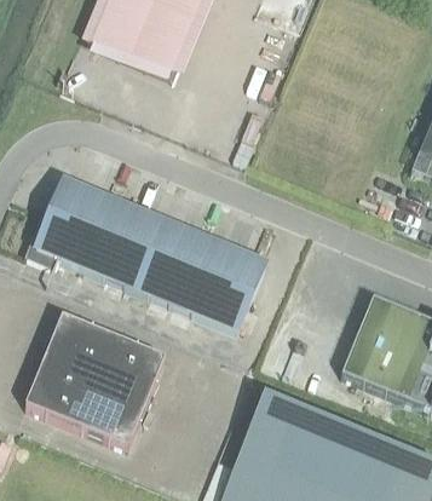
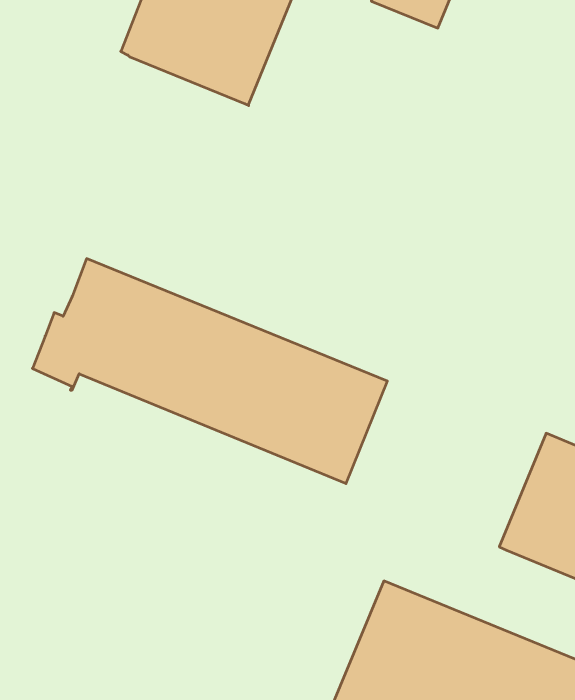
building: [25,313,166,445] -> none

